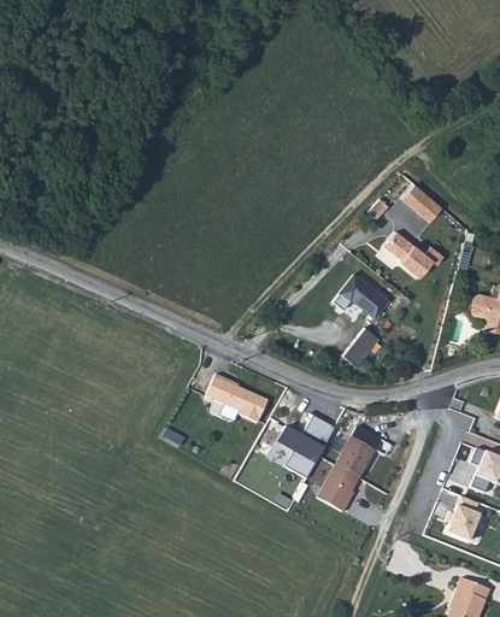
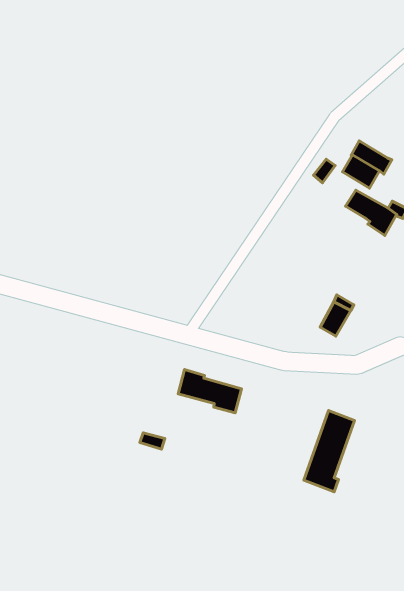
building: [343,274,393,317] -> none
building: [275,416,334,478] -> none

